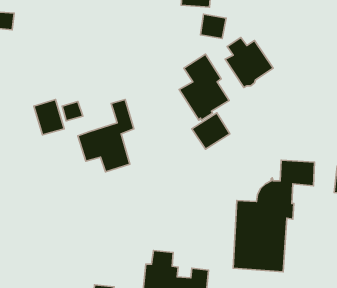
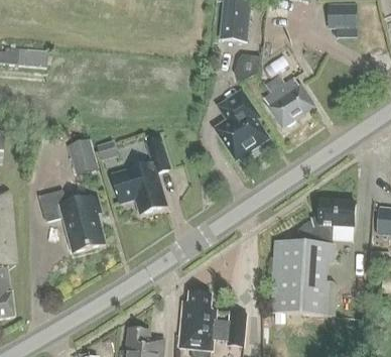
building: [192,113,230,149] -> none
building: none -> [39,190,105,251]

